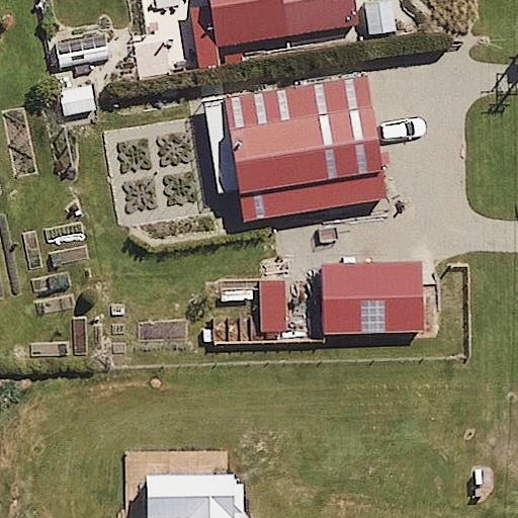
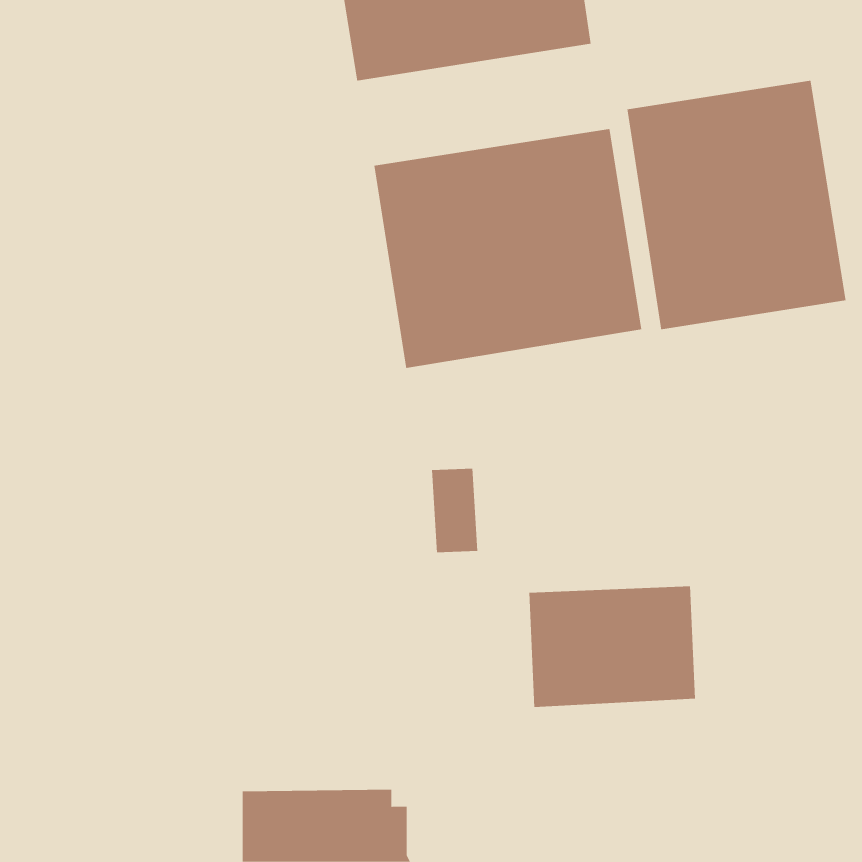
building: none -> [627,80,846,330]
building: [323,262,423,335] -> [528,586,696,707]

